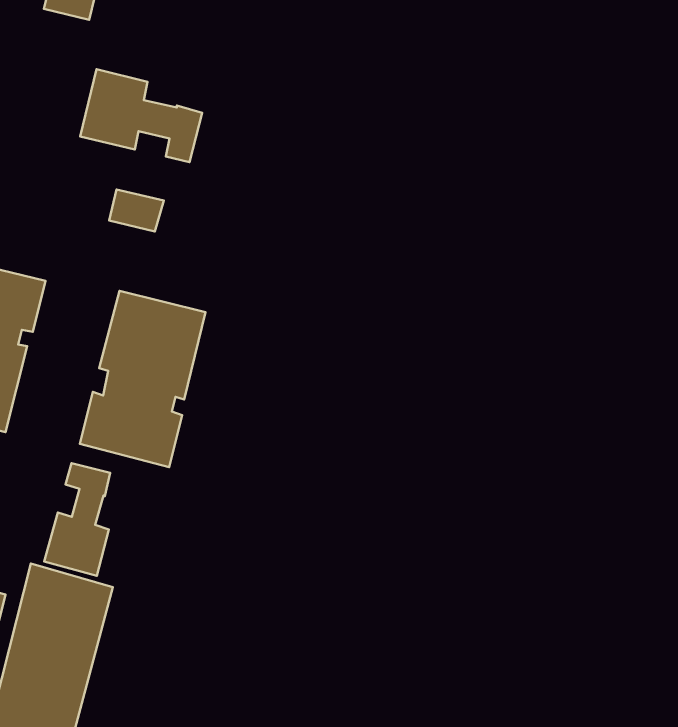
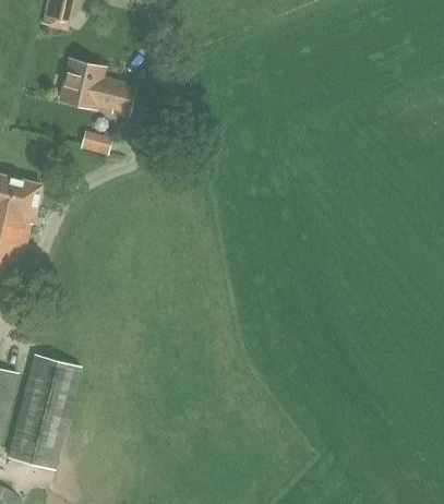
building: [80,291,206,467] -> none
building: [44,463,110,576] -> none

